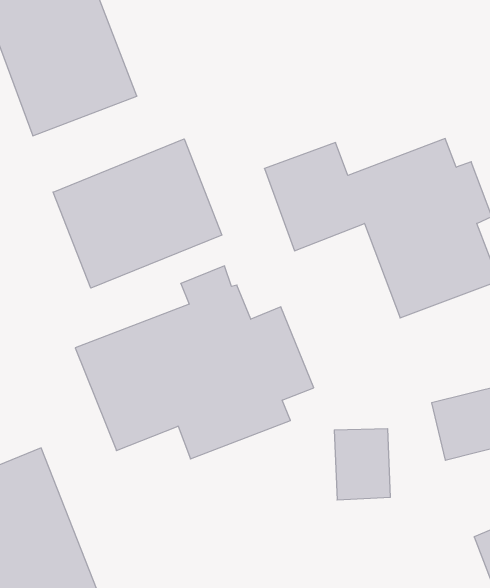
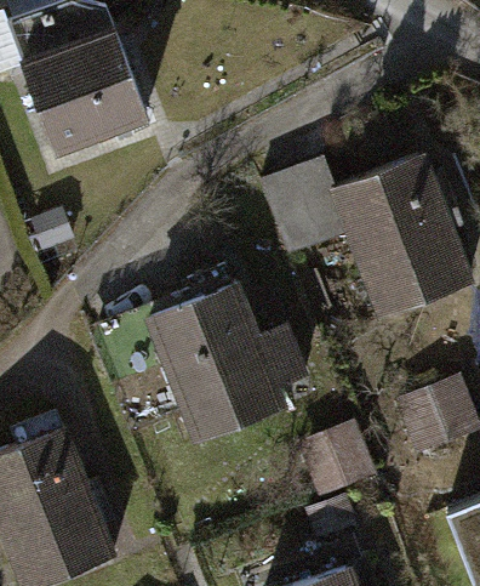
building: [53,139,222,288] -> none

